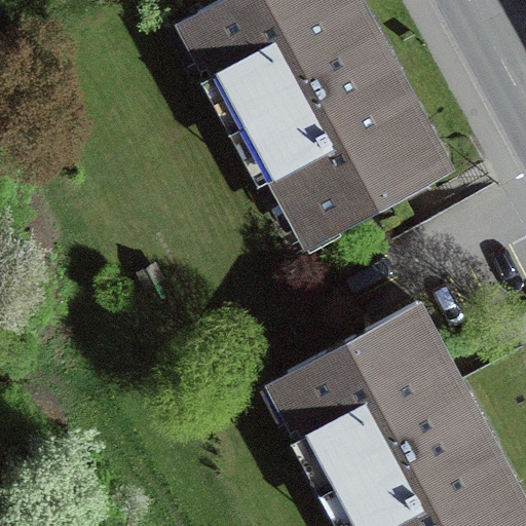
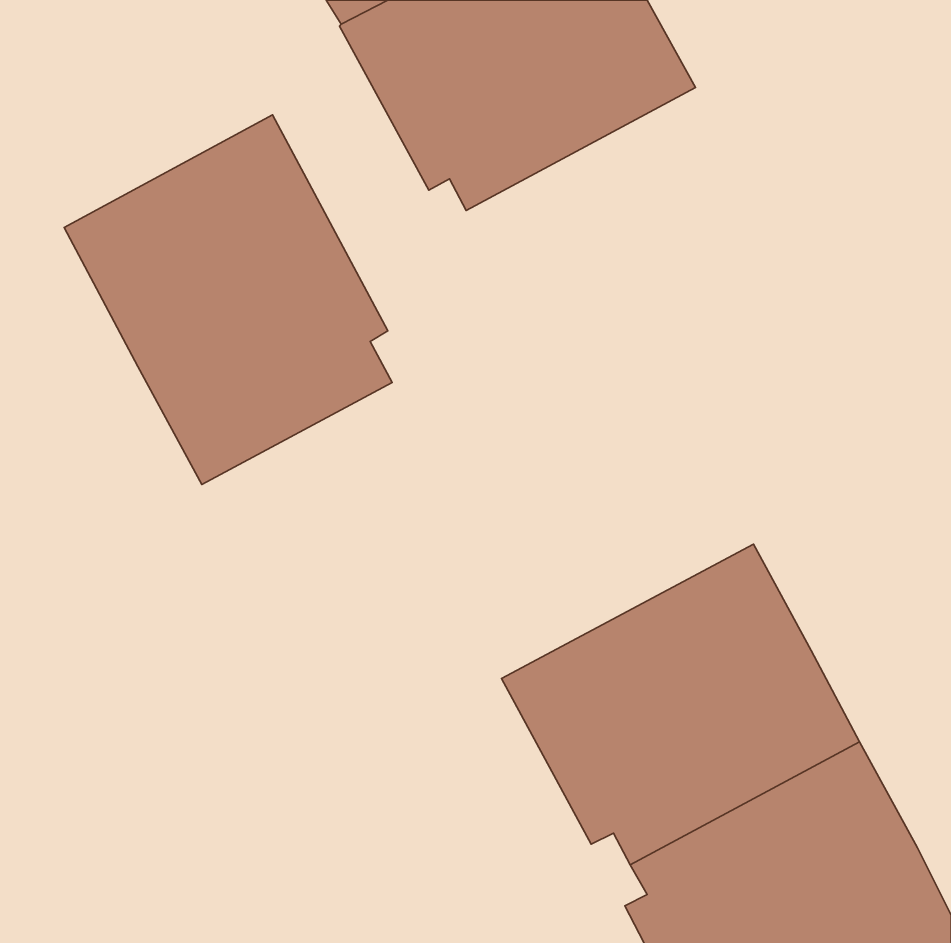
building: [255,53,443,241] -> none
building: none -> [64,115,392,485]

